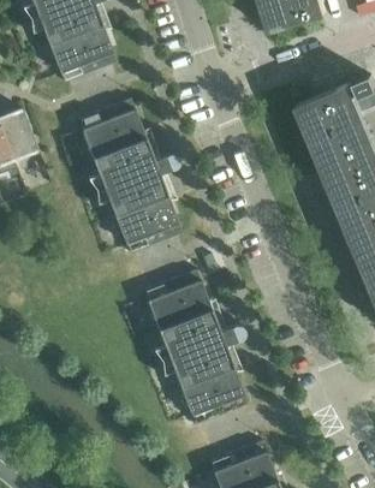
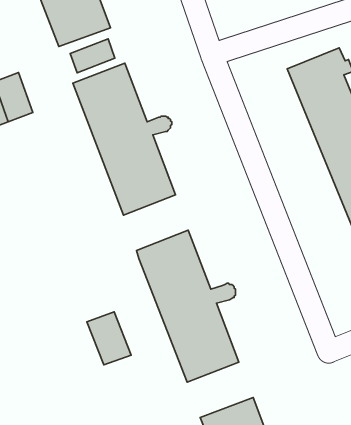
building: none -> [70,39,115,73]
building: none -> [87,312,131,365]

